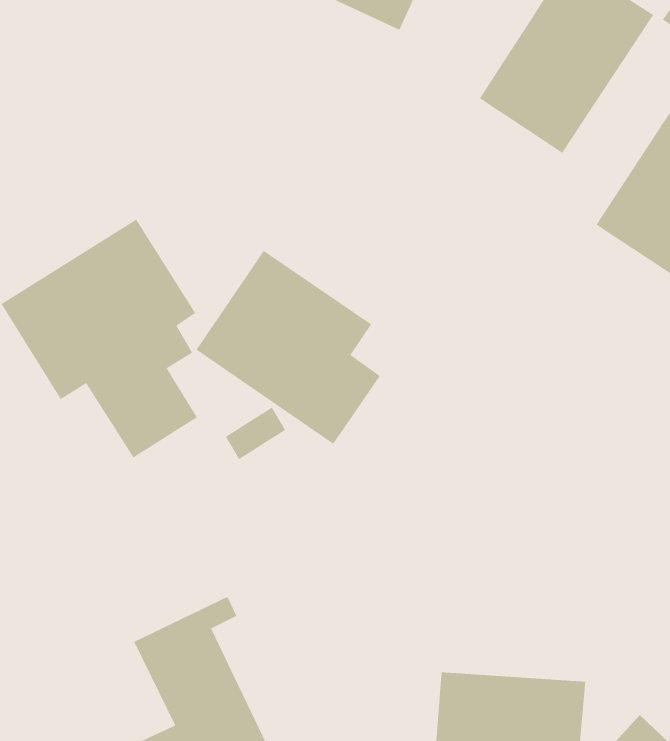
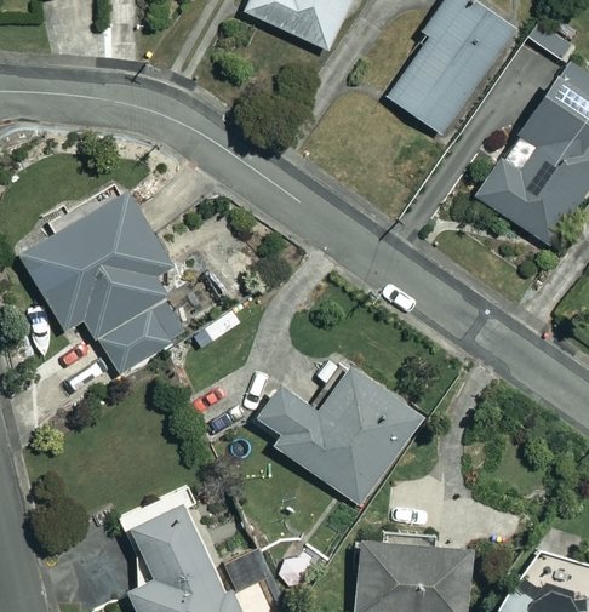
building: [196,250,381,445] -> none
building: none -> [252,364,422,505]

